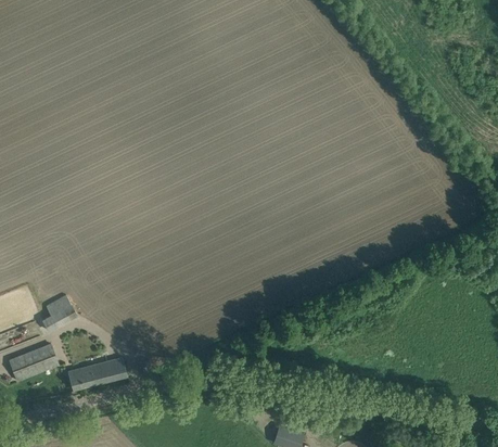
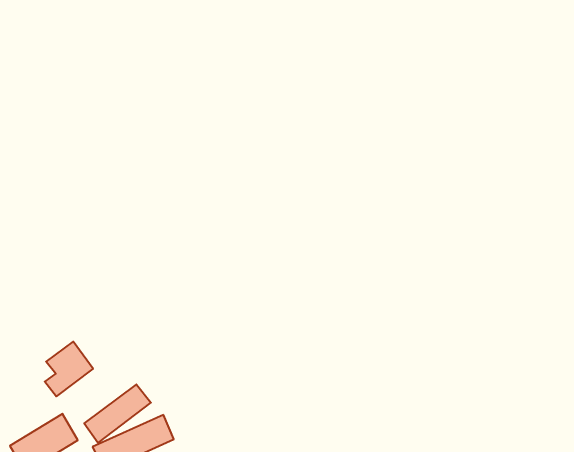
building: none -> [84,384,151,443]

